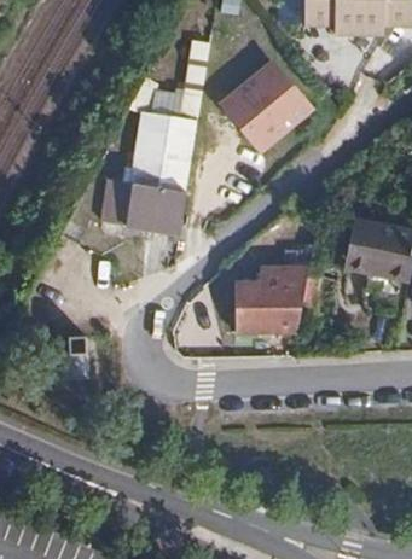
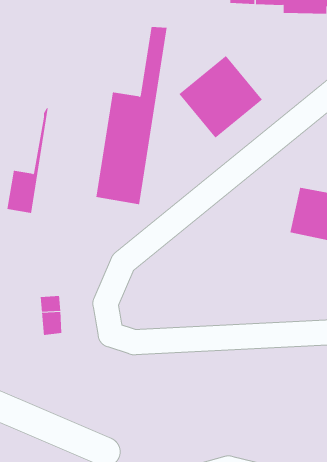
building: [103,112,149,228] -> [6,107,49,213]
building: [232,268,306,333] -> none

